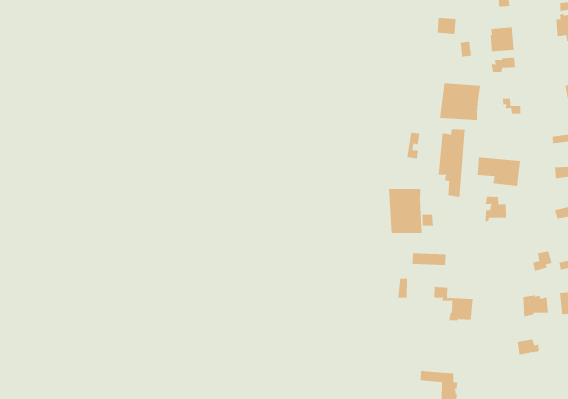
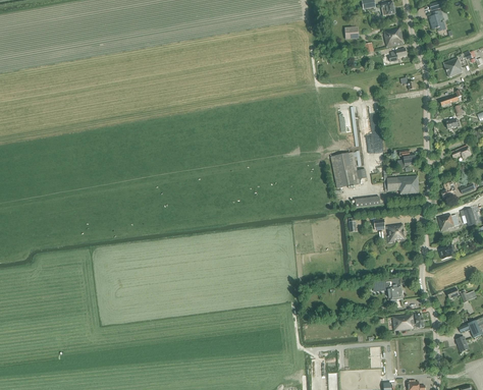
building: [440,82,481,121] -> none
building: [477,157,521,186] -> [387,175,419,194]

